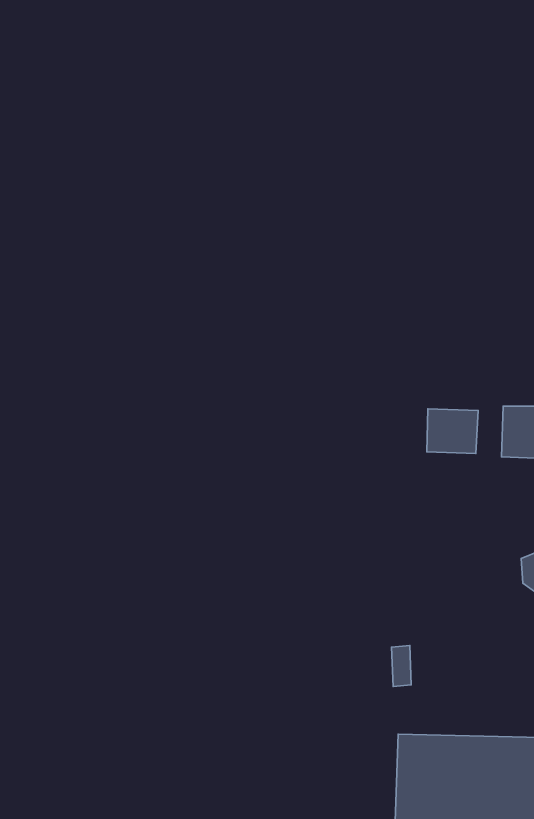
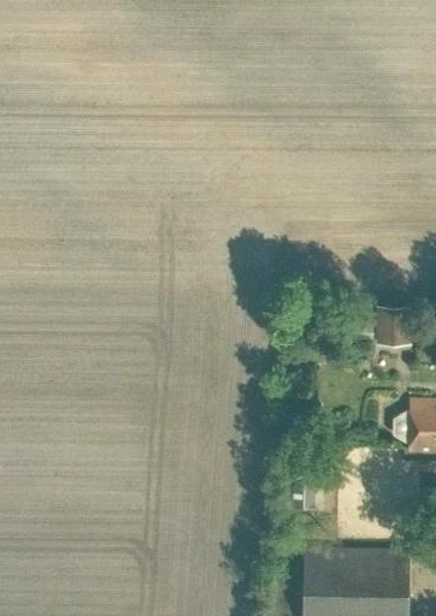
building: [427,409,478,453] -> none

